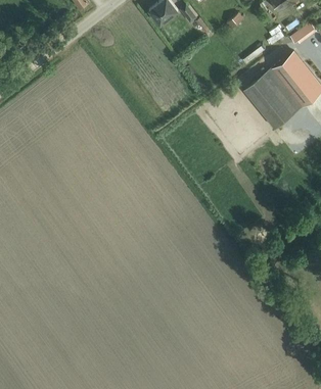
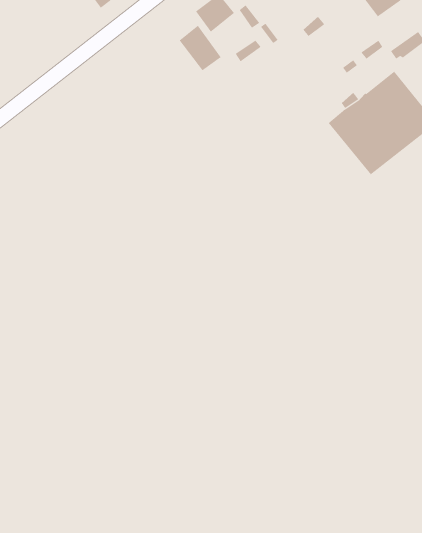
building: none -> [179,25,222,71]

